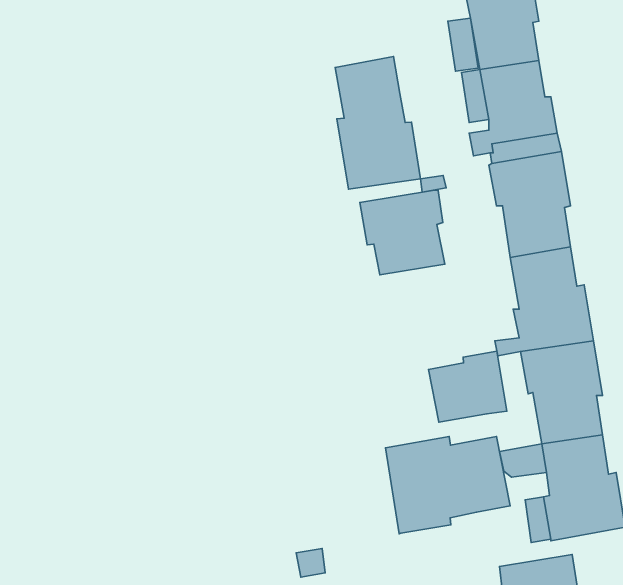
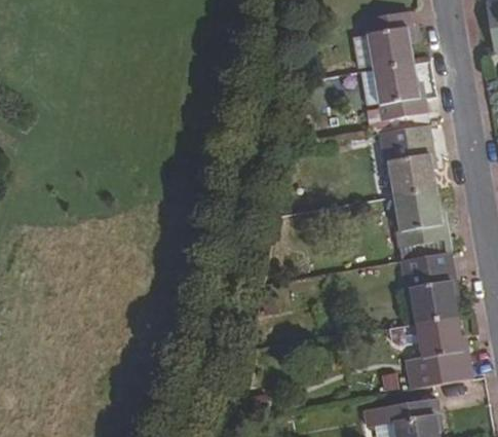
building: [335,57,421,189] -> none
building: [360,190,445,275] -> none
building: [428,351,507,422] -> none
building: [385,436,510,534] -> none

